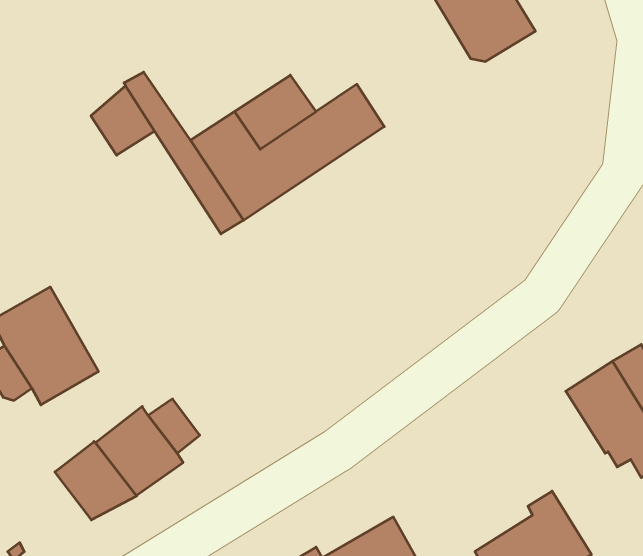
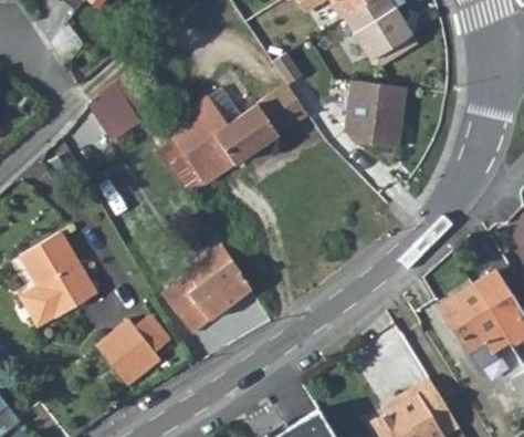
building: none -> [344,81,407,148]
building: none -> [159,244,251,334]
building: [55,441,137,520] -> none

